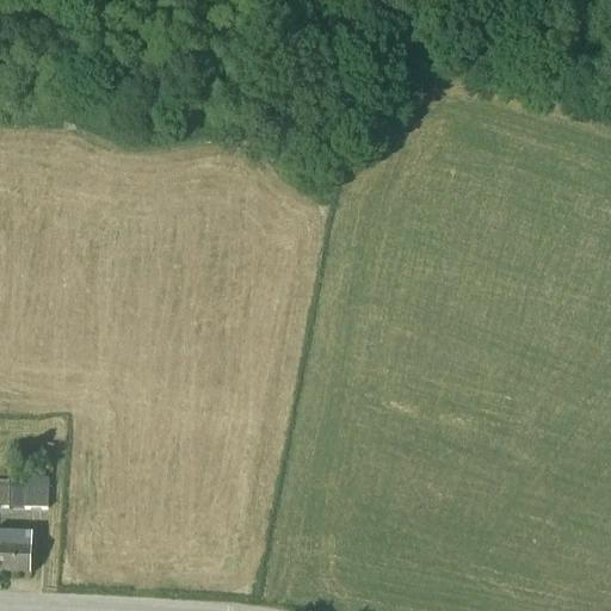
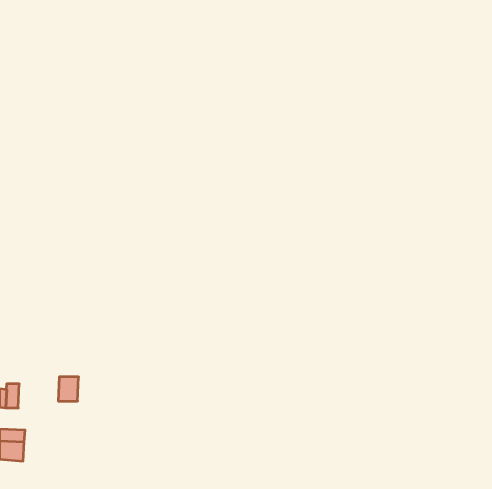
building: [23,475,48,505] -> [58,377,79,401]

